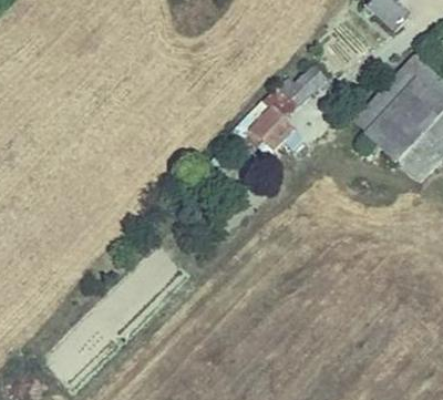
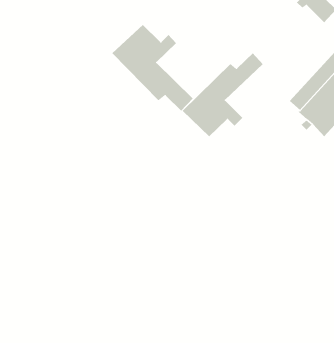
building: none -> [112,24,194,111]

